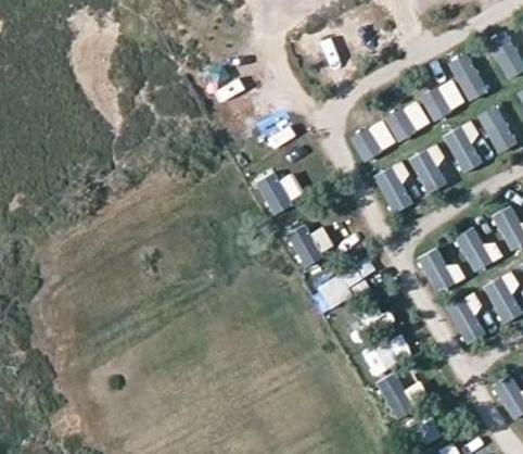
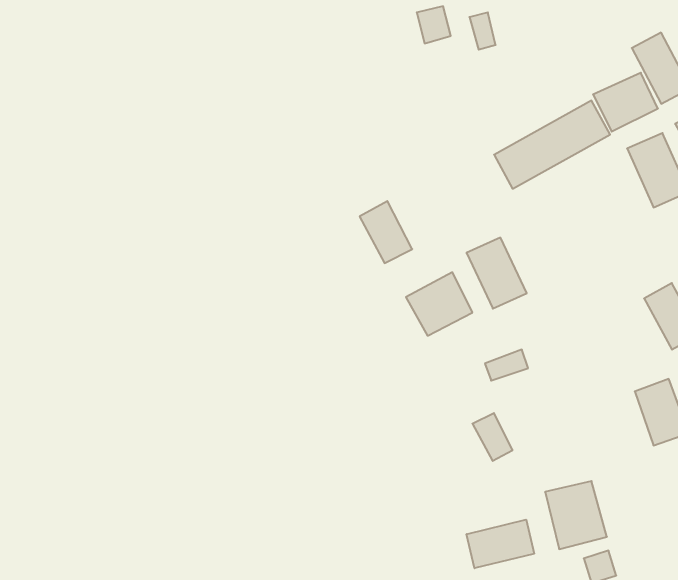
building: [410,146,449,192] -> none
building: [373,164,416,214] -> [466,238,527,309]
building: [418,249,468,298] -> none
building: none -> [467,520,534,568]

